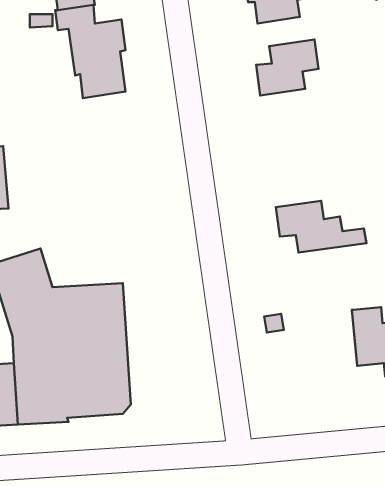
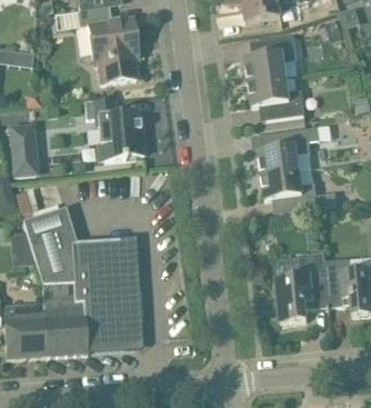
building: none -> [248,76,304,119]
building: none -> [83,98,143,161]
building: none -> [258,126,320,175]
building: none -> [275,251,329,322]

